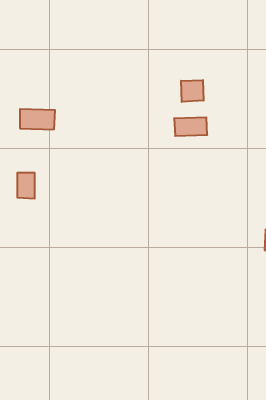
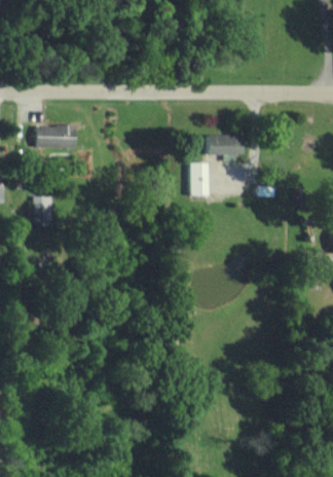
building: [181,80,204,102] -> none
building: none -> [189,162,208,195]

